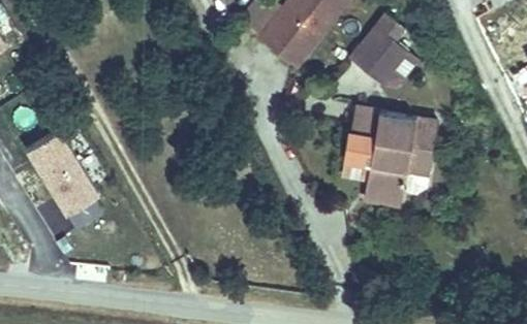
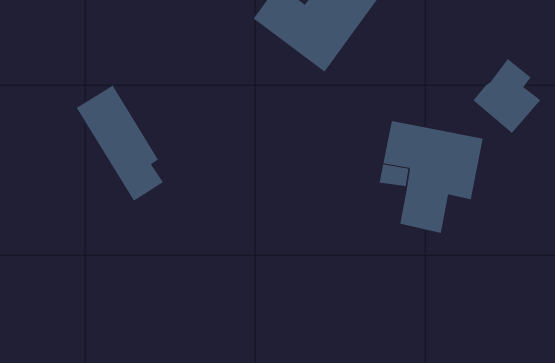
building: [347,27,406,92] -> [473,58,541,134]
building: [26,125,101,225] -> [76,85,164,201]

